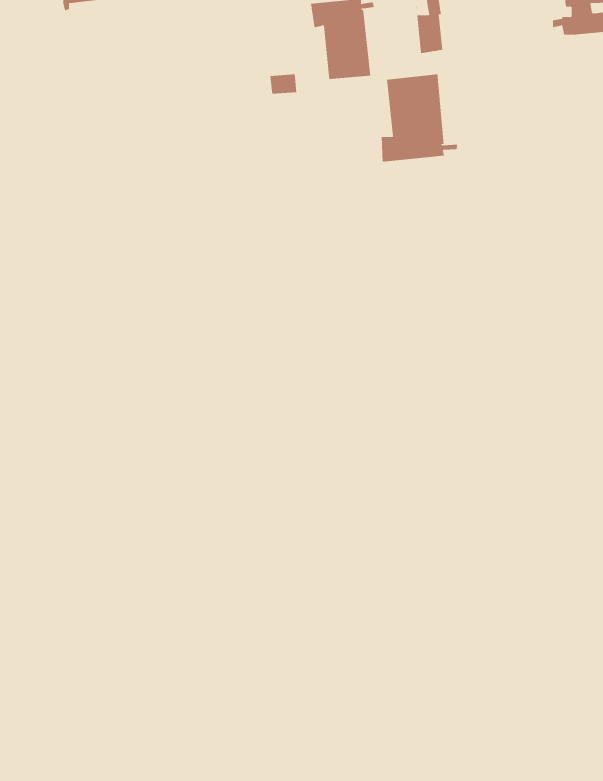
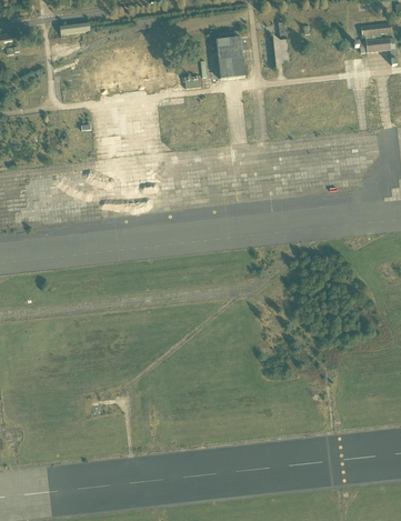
building: [381,73,458,162] -> none

